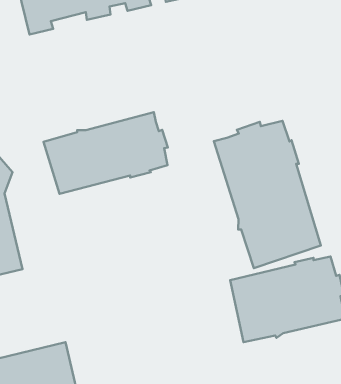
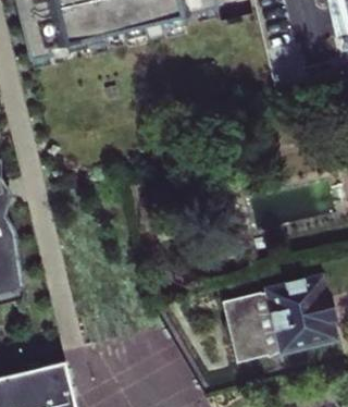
building: [44,112,168,194] -> none
building: [214,121,321,268] -> none

